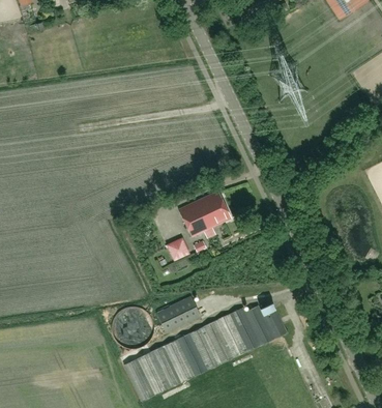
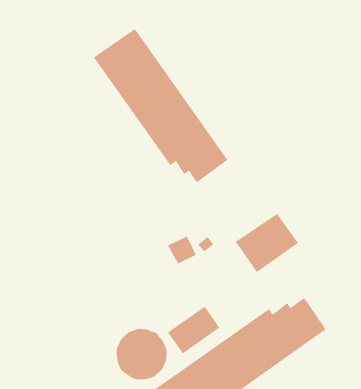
building: none -> [93,28,228,183]
building: [179,191,231,236] -> [235,213,299,273]

